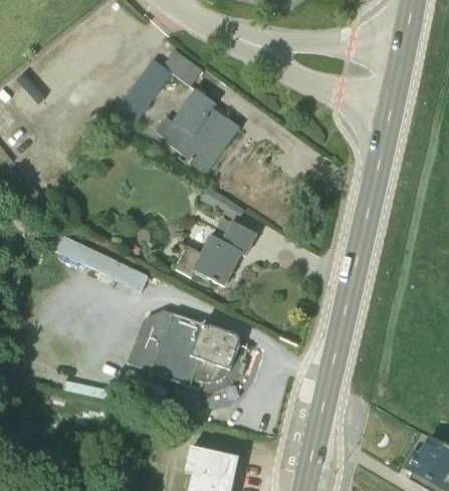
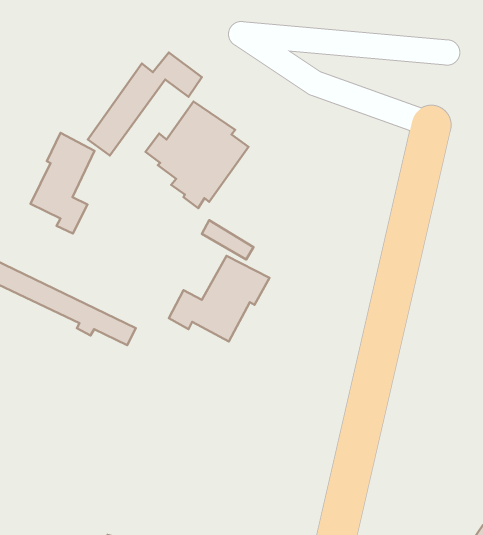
building: none -> [31,133,95,233]
building: [128,309,247,391] -> none

